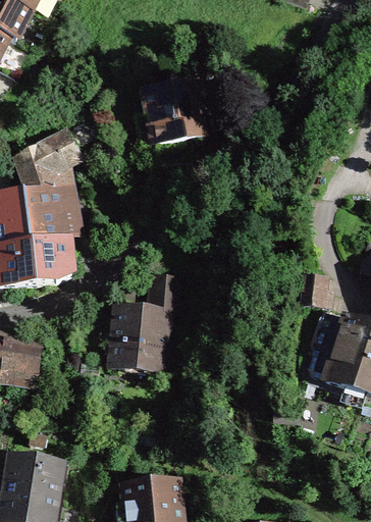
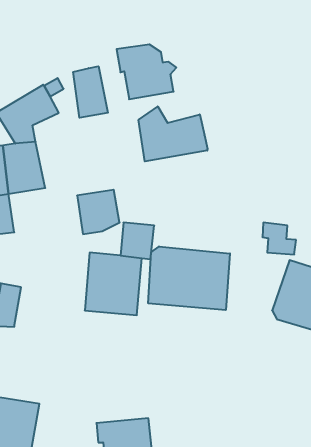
building: none -> [73,66,108,118]
building: none -> [139,106,207,161]
building: [31,238,75,284] -> [77,190,120,234]
building: none -> [148,246,230,310]

